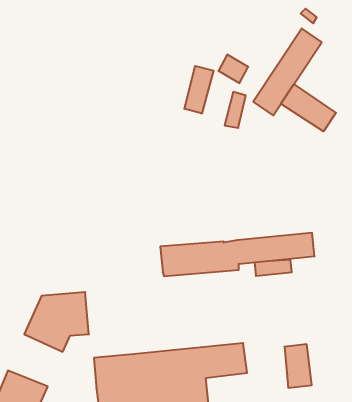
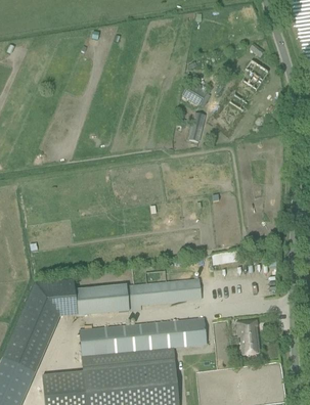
building: [184,66,213,114] -> none
building: [281,84,336,131] -> none
building: [160,233,315,276] -> [75,278,202,314]
building: none -> [10,311,55,354]

